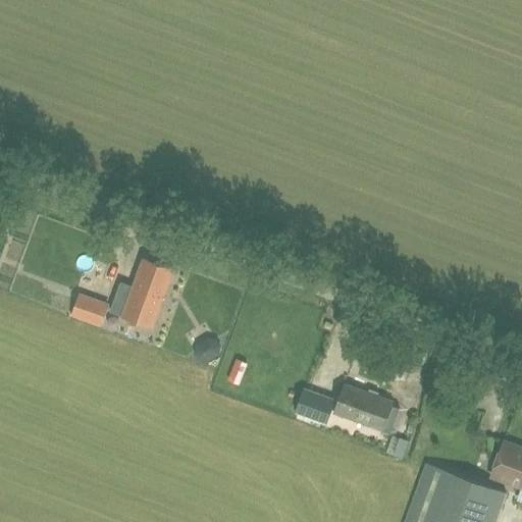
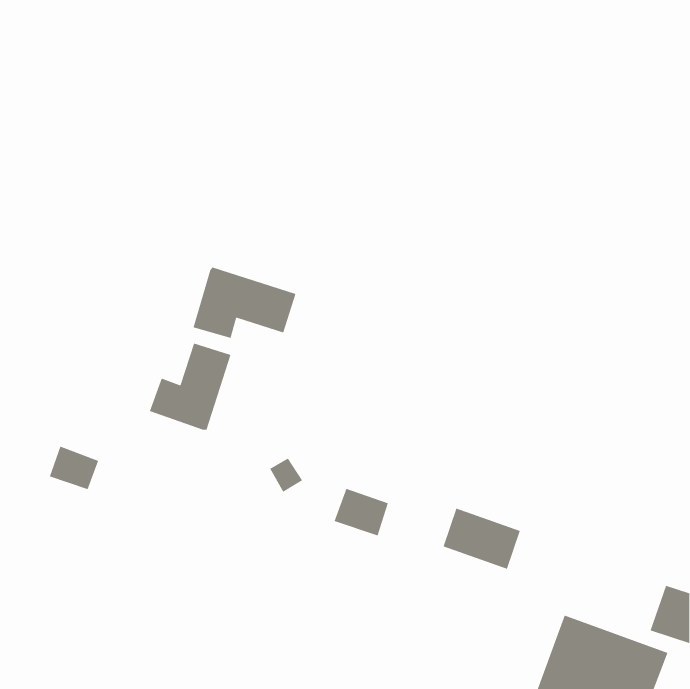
building: none -> [193,266,297,339]
building: [71,295,109,328] -> [49,446,99,490]
building: [294,387,335,424] -> [334,488,389,537]

